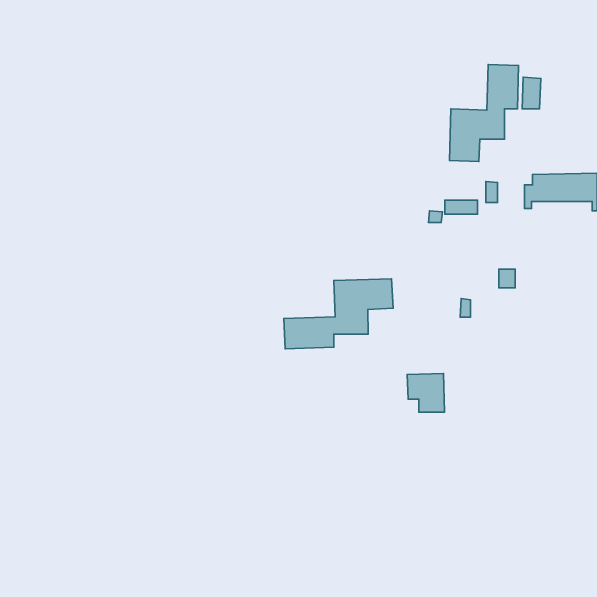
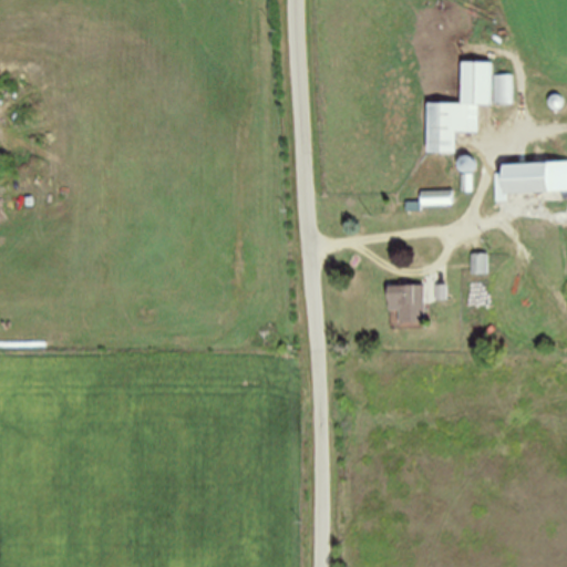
building: [284,279,393,349] -> none
building: [407,373,445,412] -> [388,285,423,321]

